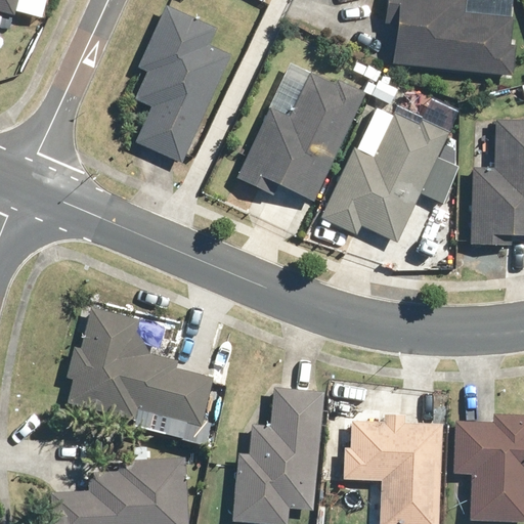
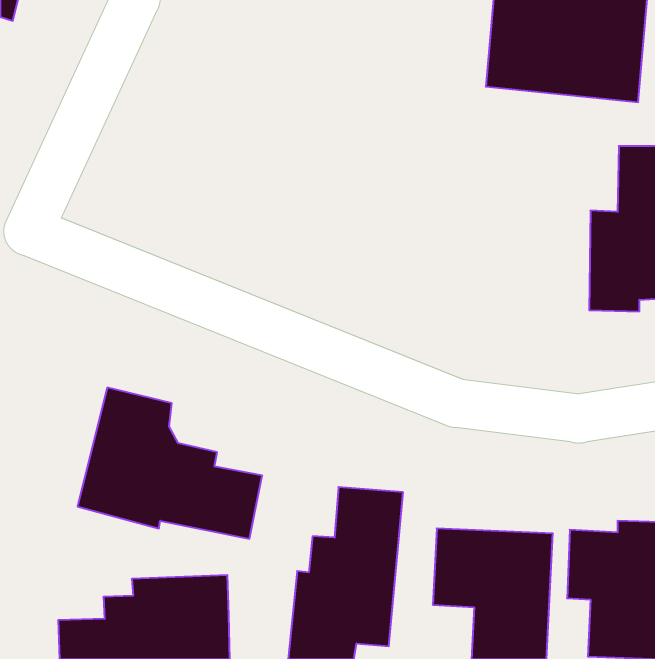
building: [136,6,230,164] -> none
building: [237,70,364,203] -> none
building: [321,110,448,244] -> none

